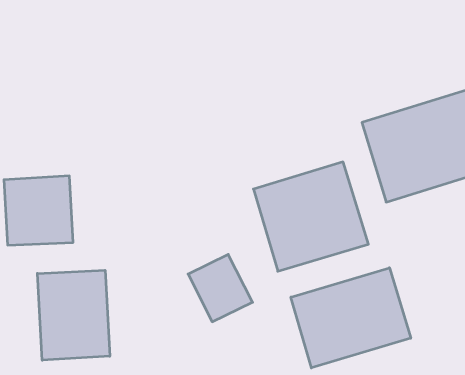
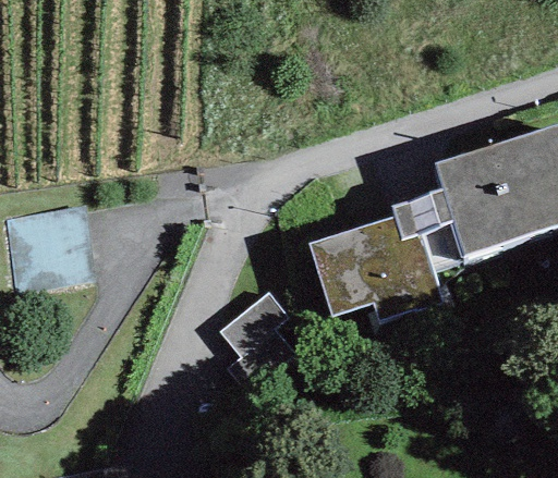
building: [291,268,411,368] -> none
building: [37,270,110,360] -> none

